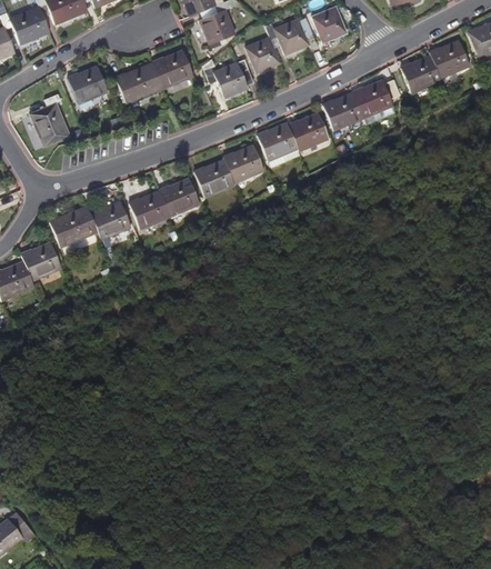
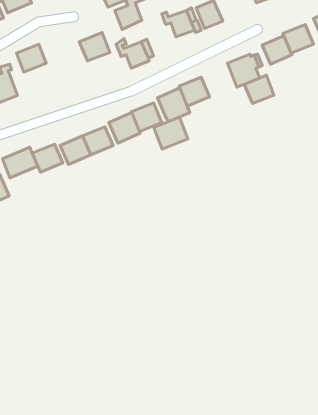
building: [243,37,279,72] -> none
building: [114,62,163,102] -> none
building: [322,91,362,129] -> [244,75,274,103]
building: none -> [154,117,188,149]

